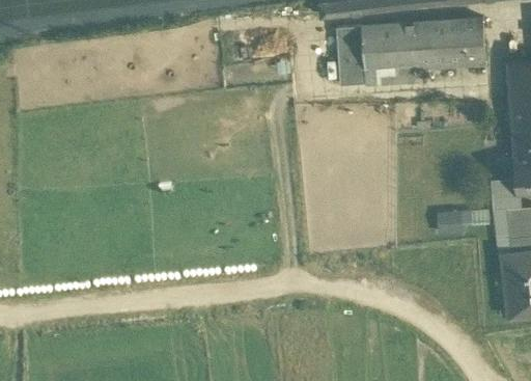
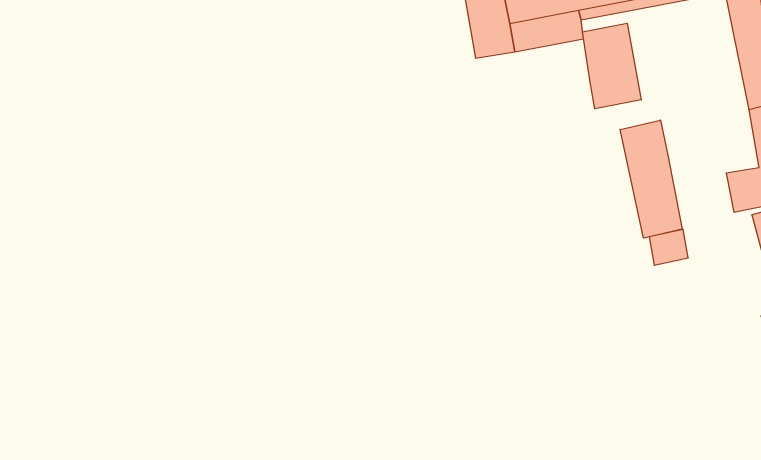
building: none -> [583,23,641,109]
building: none -> [620,120,682,238]

